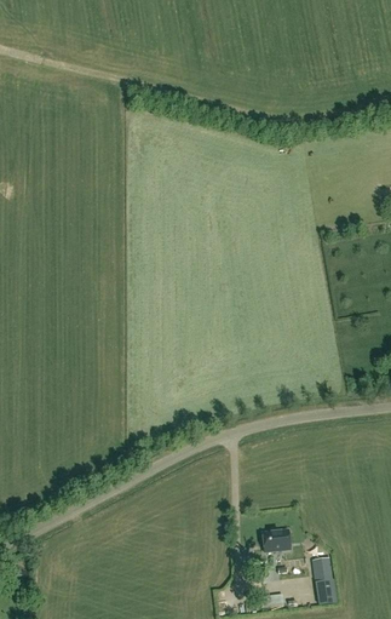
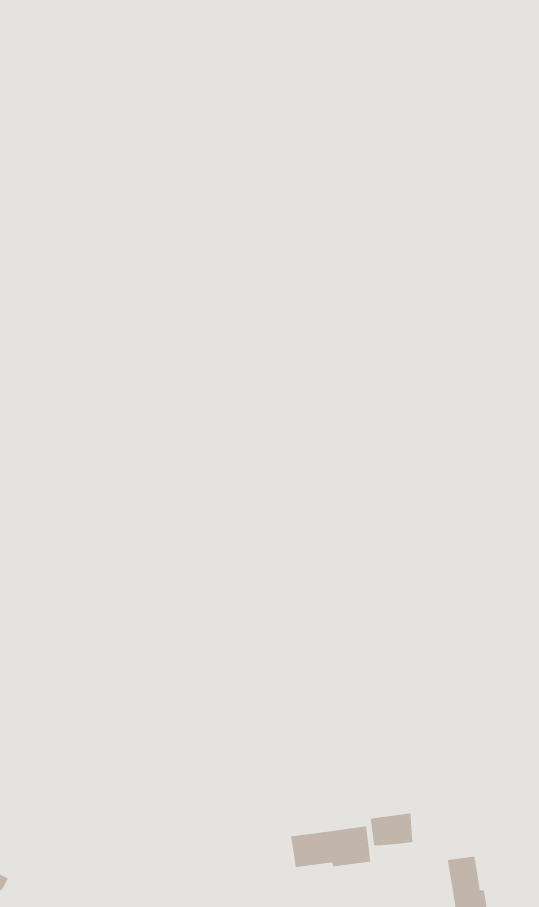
building: none -> [290,826,371,868]

